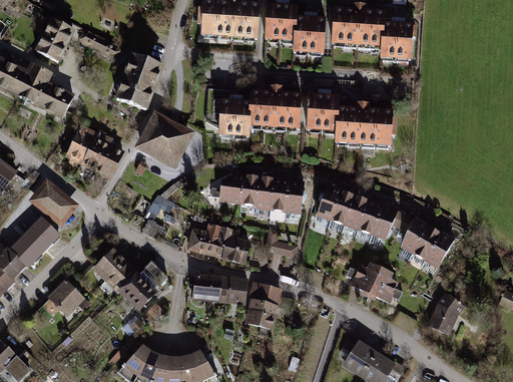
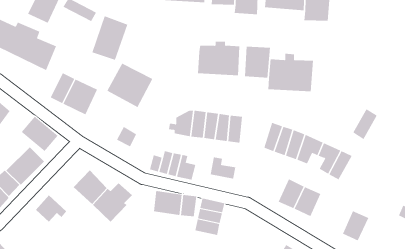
building: [204,90,249,136] -> none
building: [317,183,341,220] -> none
building: [425,230,456,269] -> [353,108,377,140]

